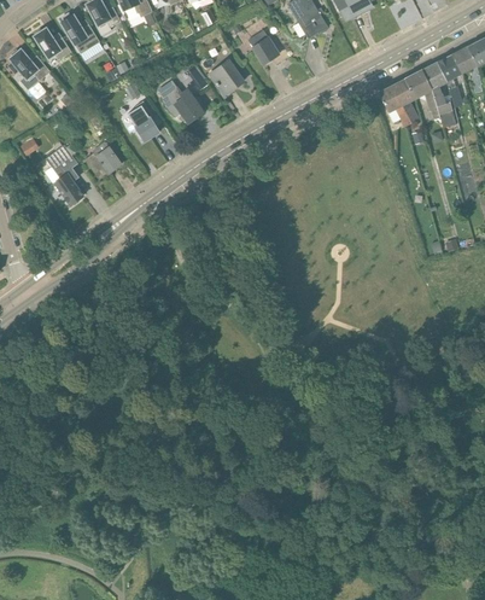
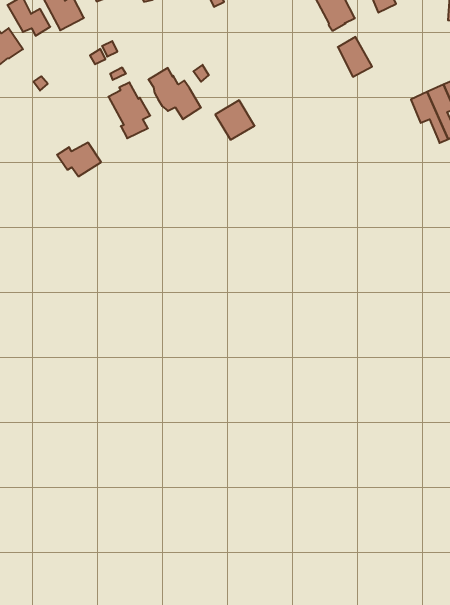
building: [249,30,279,64] -> [338,37,372,77]
building: [210,60,244,94] -> [215,100,255,140]
building: [46,144,83,205] -> none

